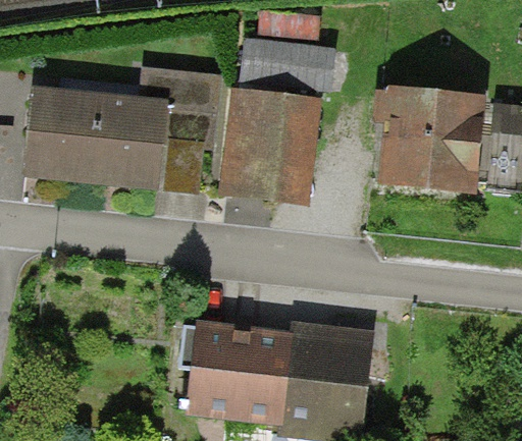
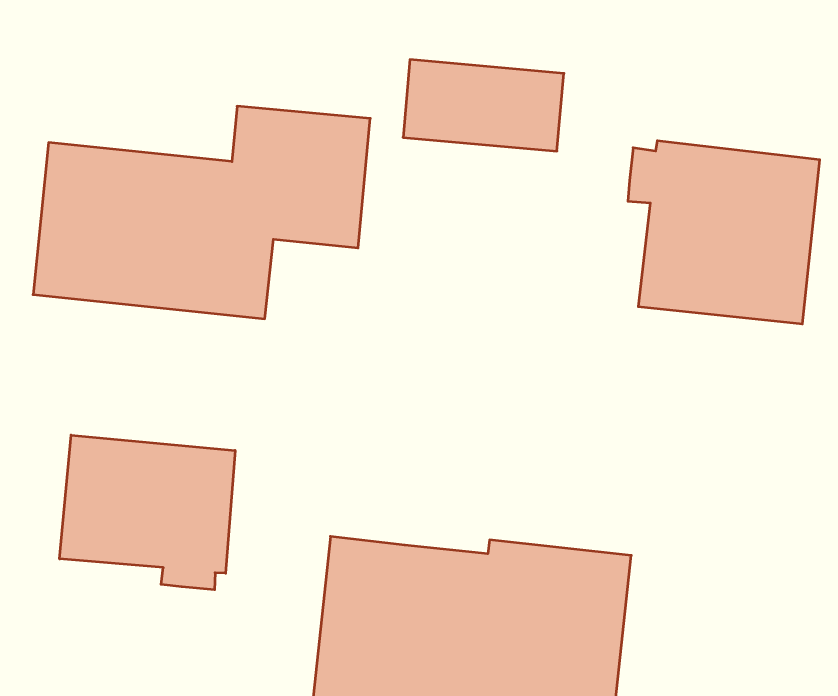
building: [220,87,321,205] -> none
building: none -> [60,435,235,590]

